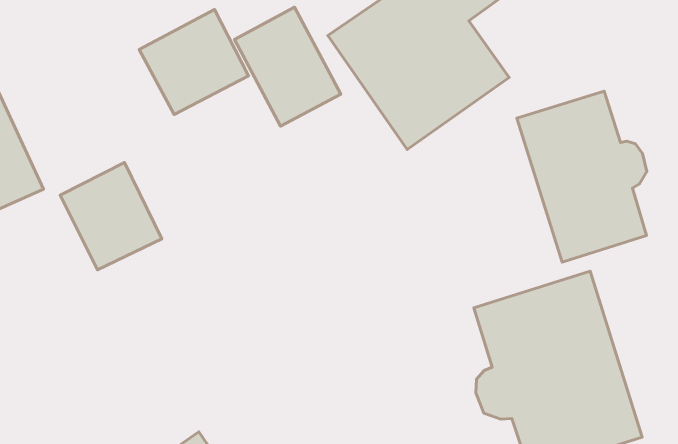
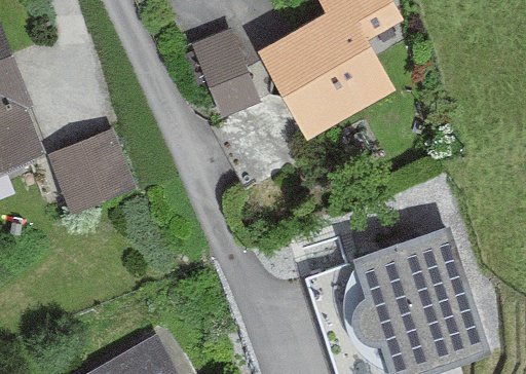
building: [139,10,249,115] -> none
building: [517,91,647,262] -> none

